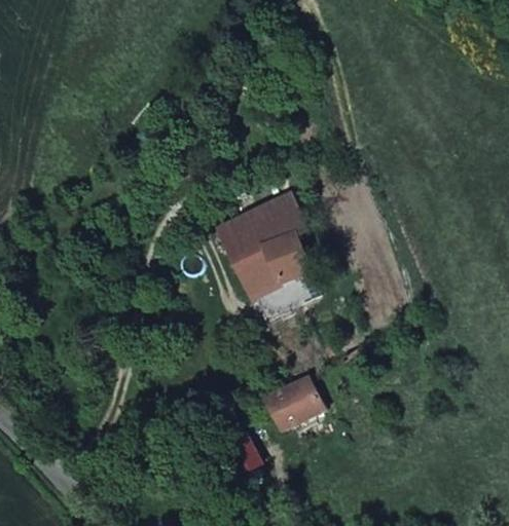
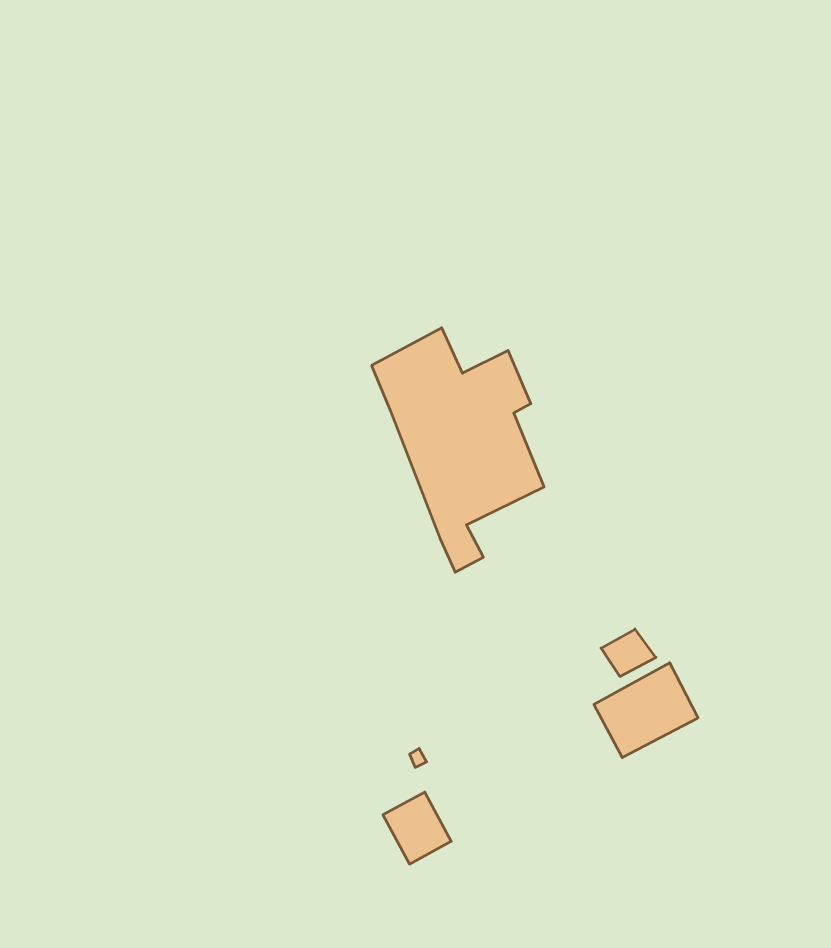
building: [265,378,322,429] -> [594,663,698,758]

